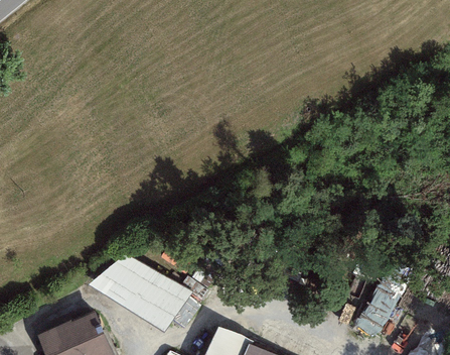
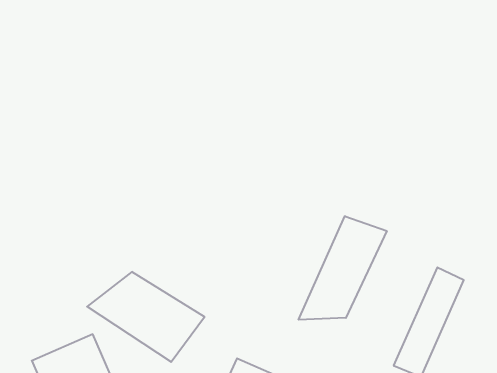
building: none -> [299,216,387,320]

